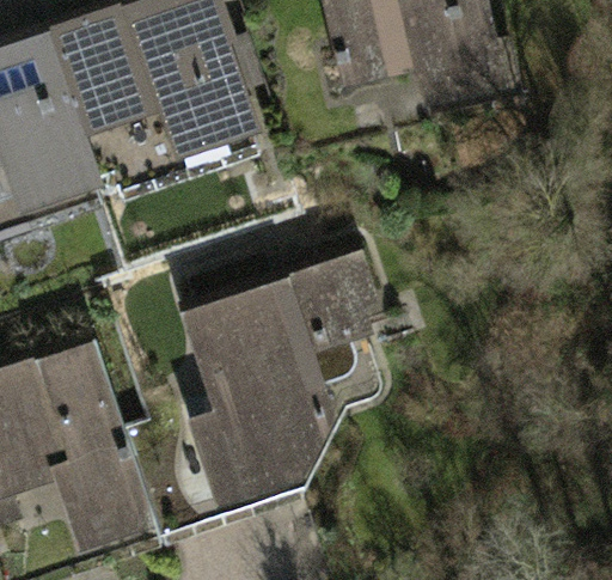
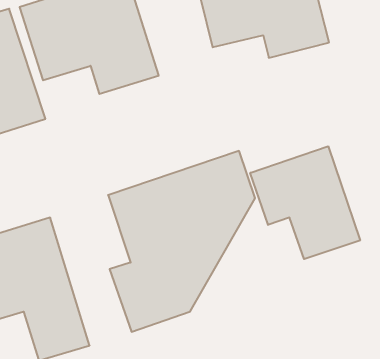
building: none -> [250,146,360,259]

